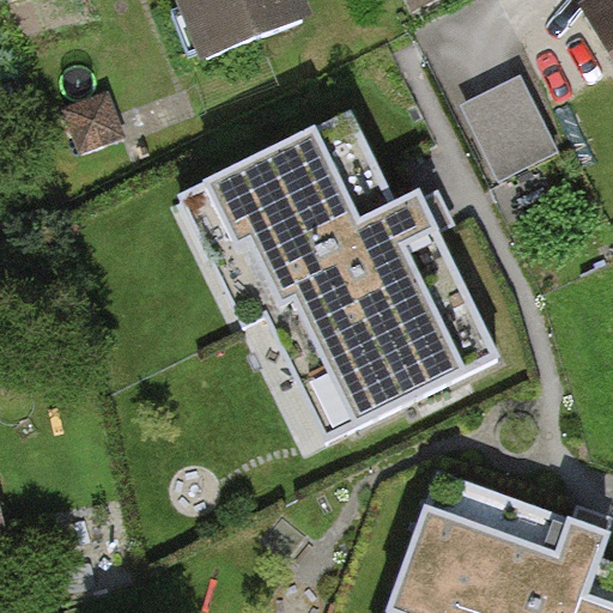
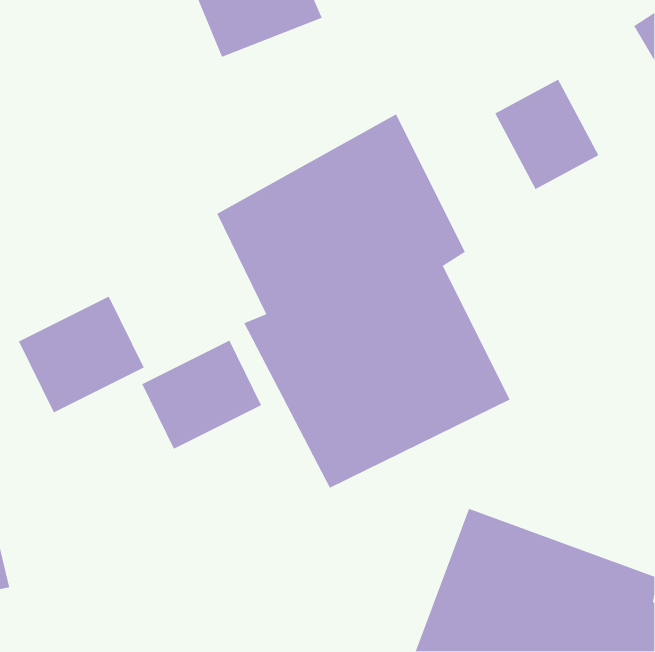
building: none -> [18,296,145,413]
building: none -> [141,340,262,450]

